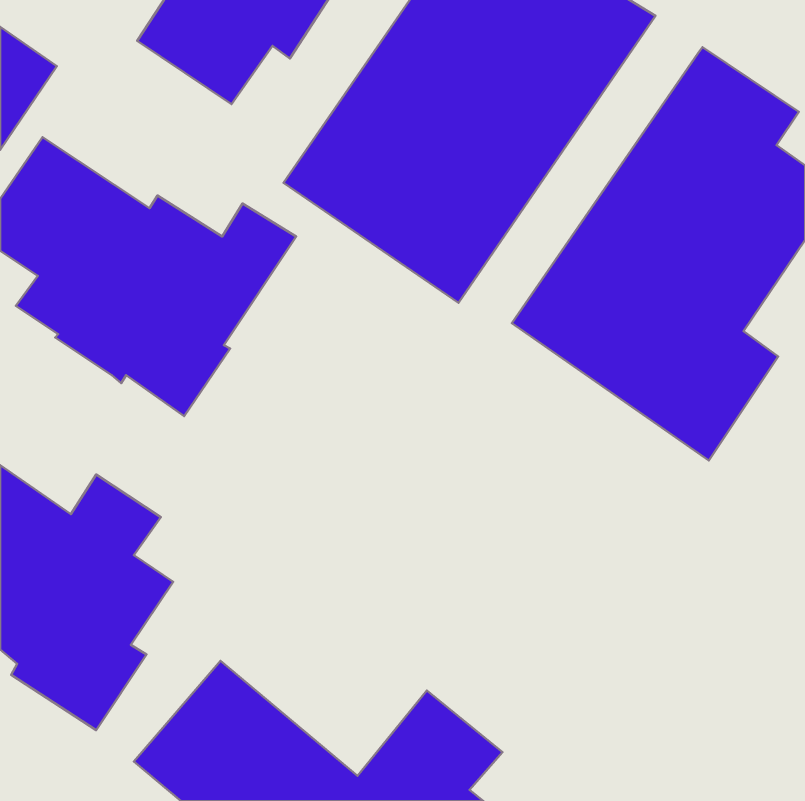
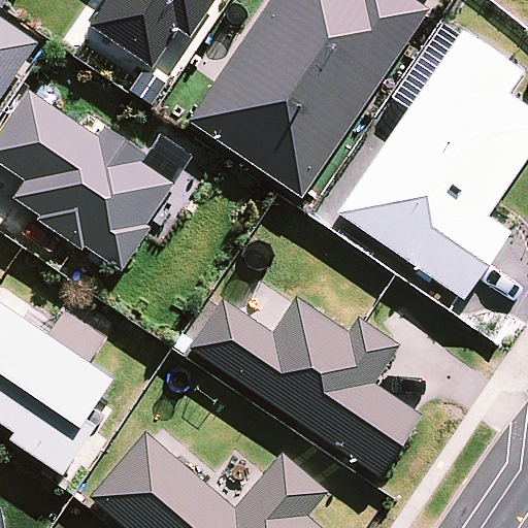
building: none -> [189,296,422,476]

